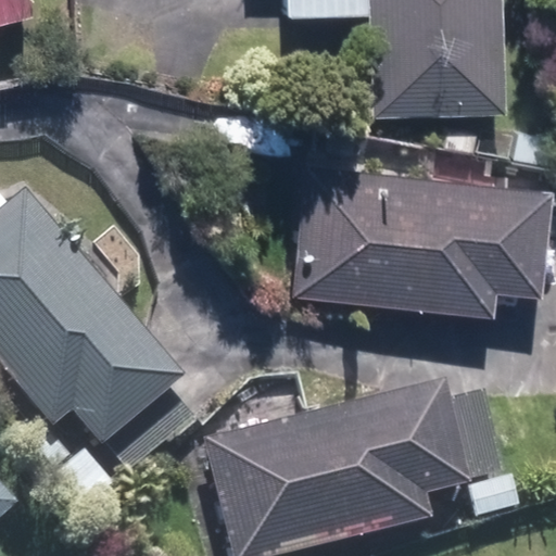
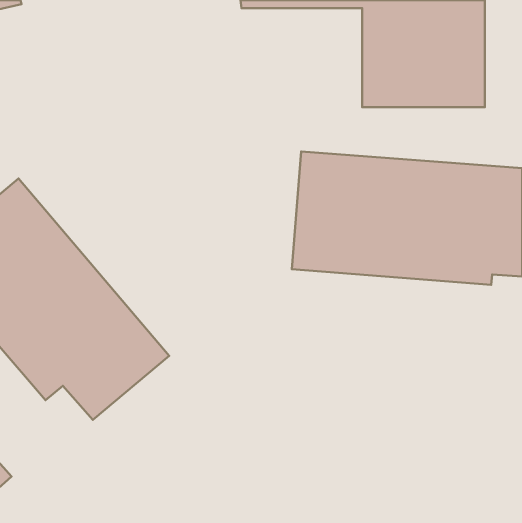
building: [208,386,452,542] -> none

